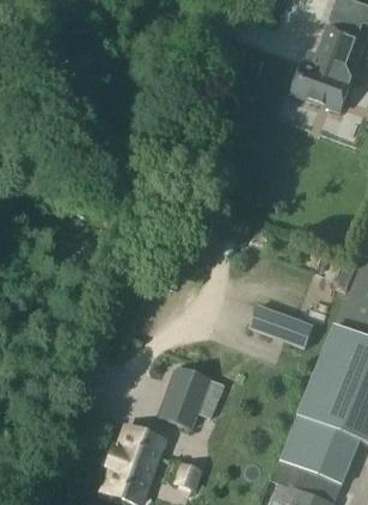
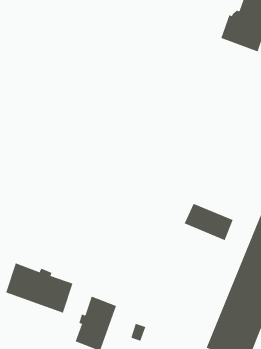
building: [157,364,222,427] -> none
building: none -> [6,262,73,313]

